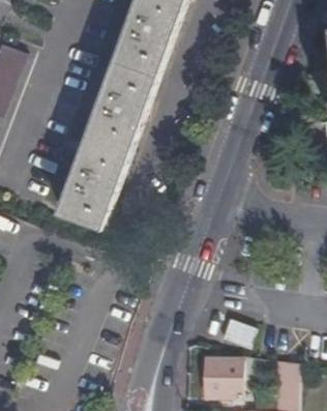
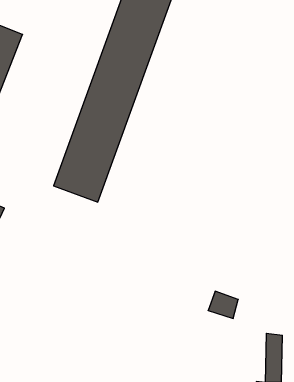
building: [203,356,239,397] -> none

